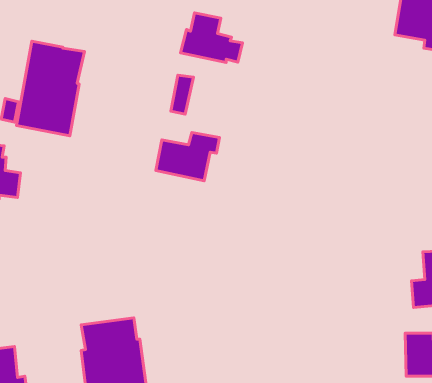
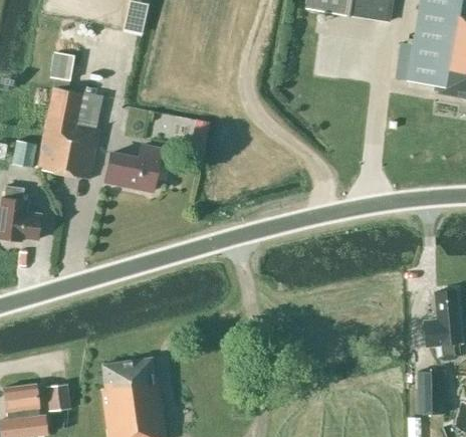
building: none -> [51,51,75,80]
building: [181,13,242,62] -> none
building: [156,132,219,181] -> [104,144,167,191]
building: none -> [47,383,71,411]

